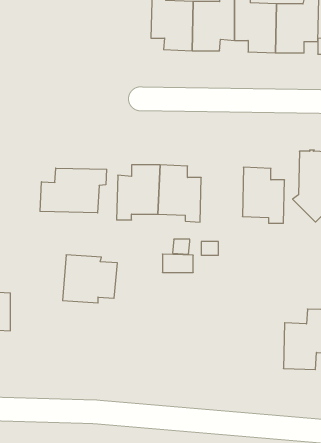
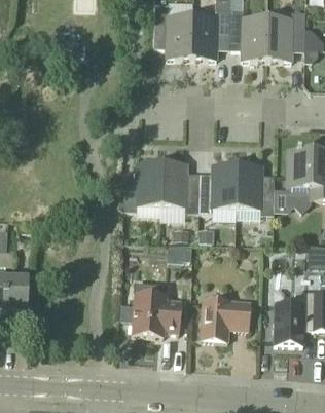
building: none -> [198,162,238,212]
building: [40,168,107,213] -> none
building: [63,255,117,303] -> [132,292,181,335]
building: none -> [194,297,251,340]

